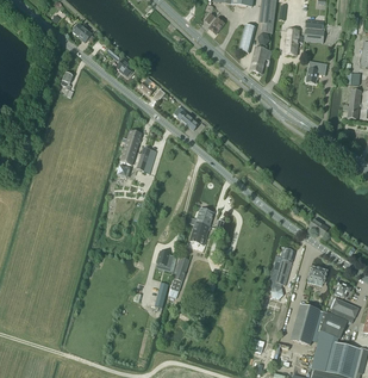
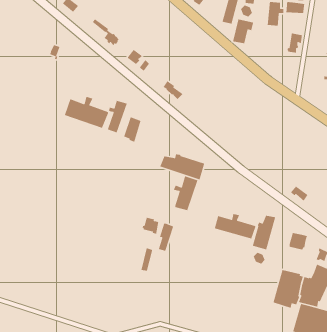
building: none -> [64,96,109,129]
building: none -> [159,154,205,180]
building: none -> [214,213,256,240]

